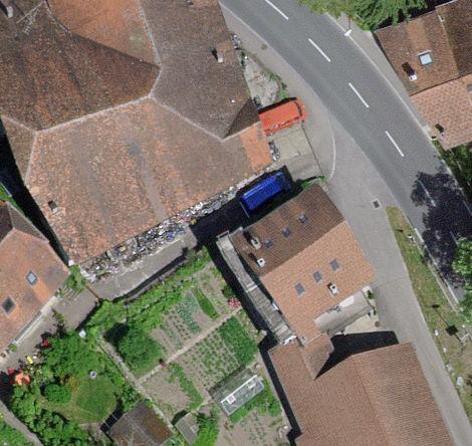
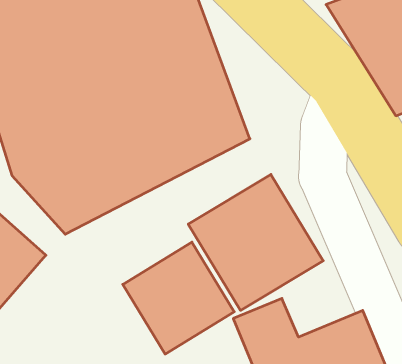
building: none -> [123,242,234,354]

